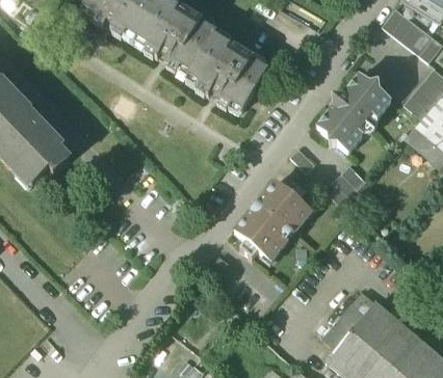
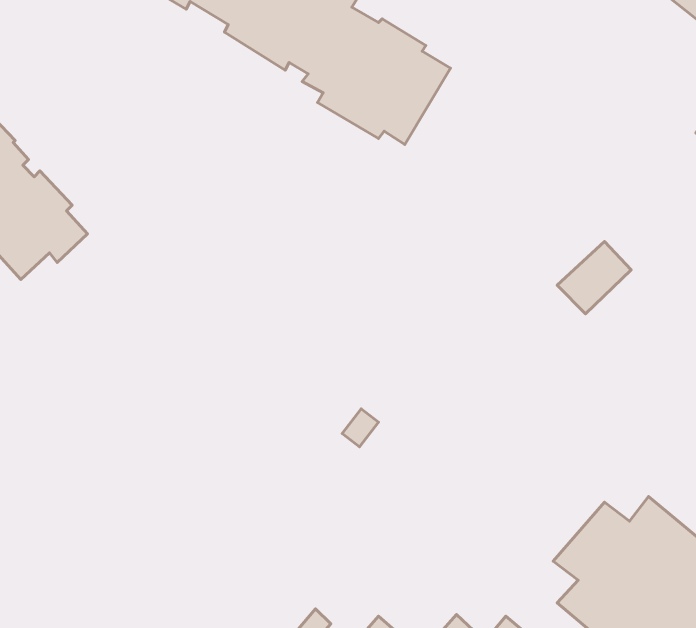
building: [321,80,392,154] -> none
building: [235,181,308,260] -> none

